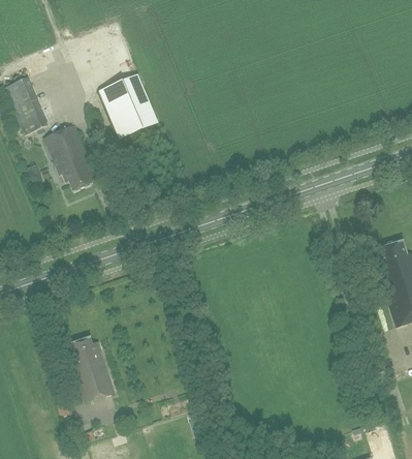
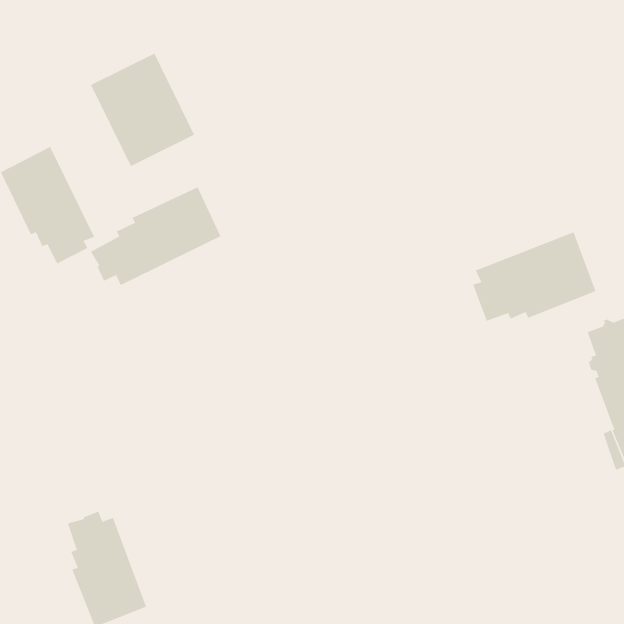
building: none -> [90,186,221,286]
building: none -> [473,231,596,321]

